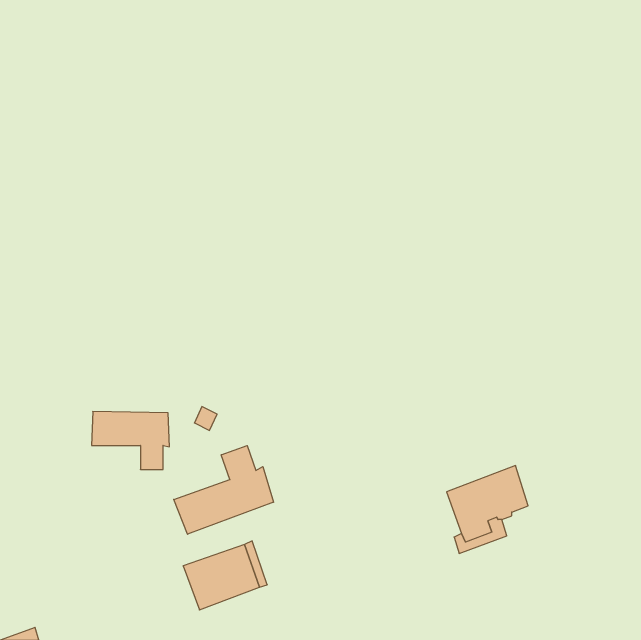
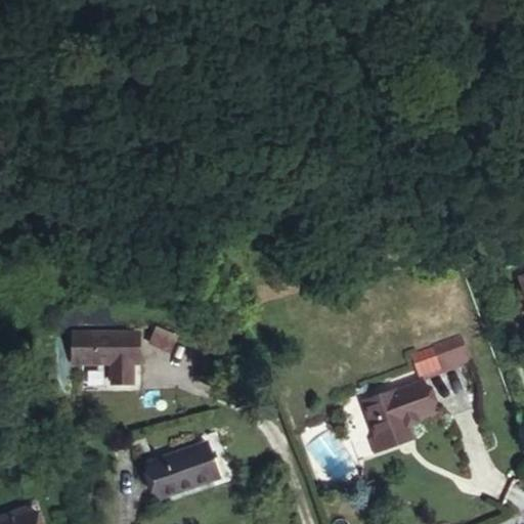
building: none -> [409,336,468,377]
building: [174,446,274,534] -> none

